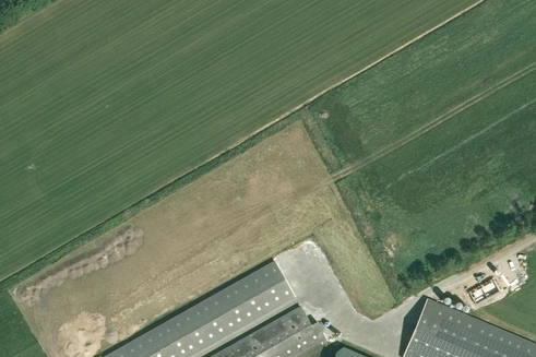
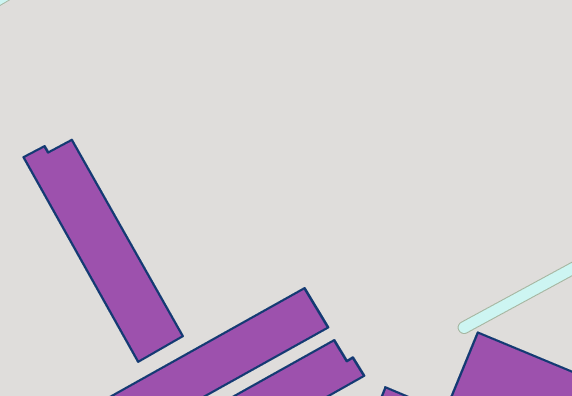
building: none -> [23,140,183,362]

